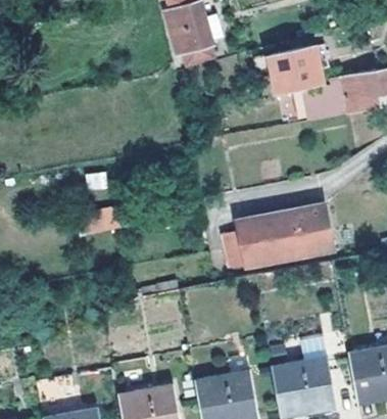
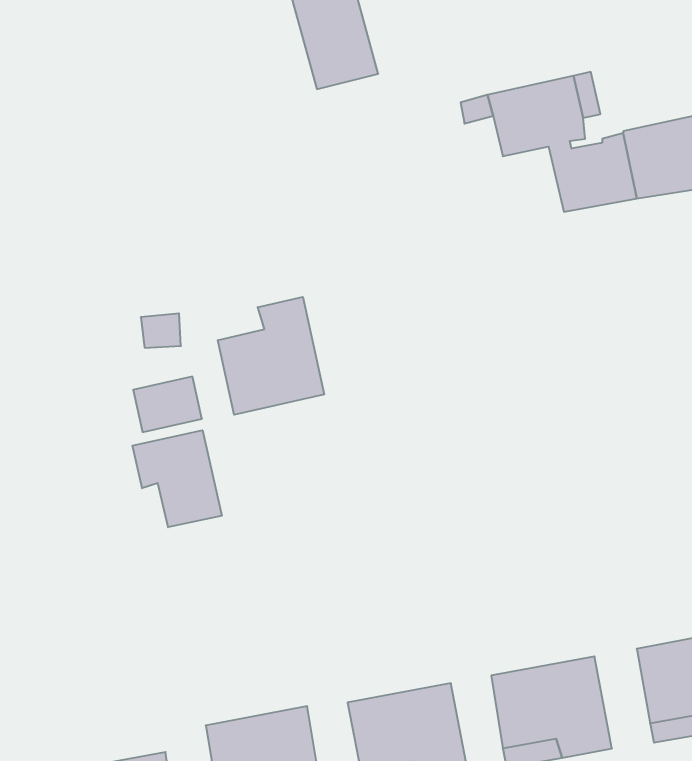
building: none -> [218,297,324,415]
building: [238,205,333,266] -> none
building: none -> [132,430,222,527]

